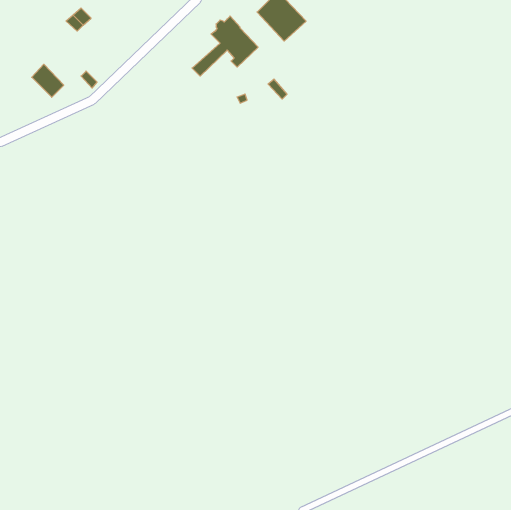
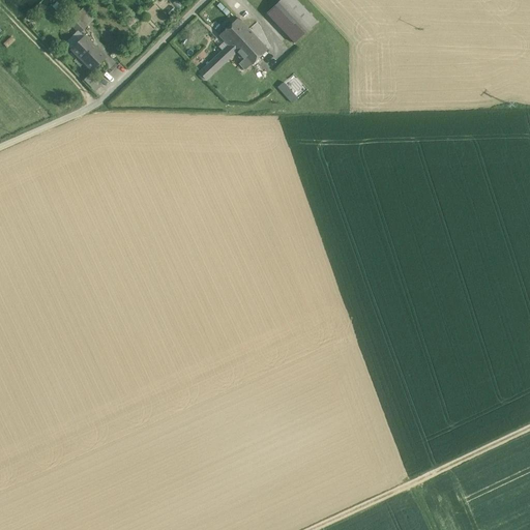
building: [32,64,64,97] -> [71,35,105,69]

